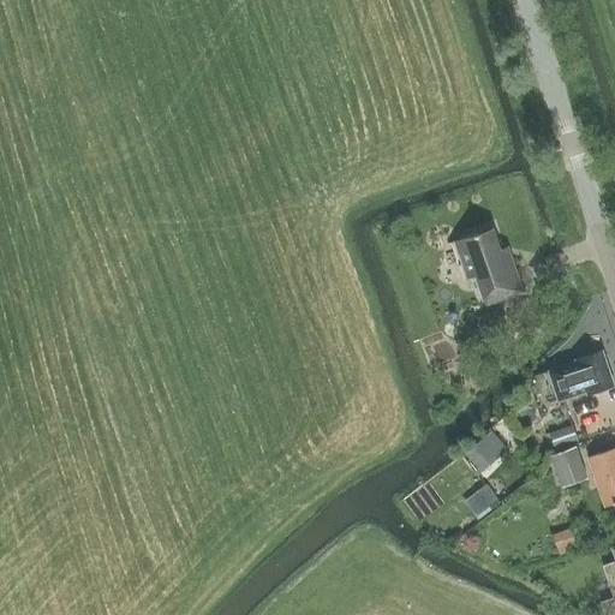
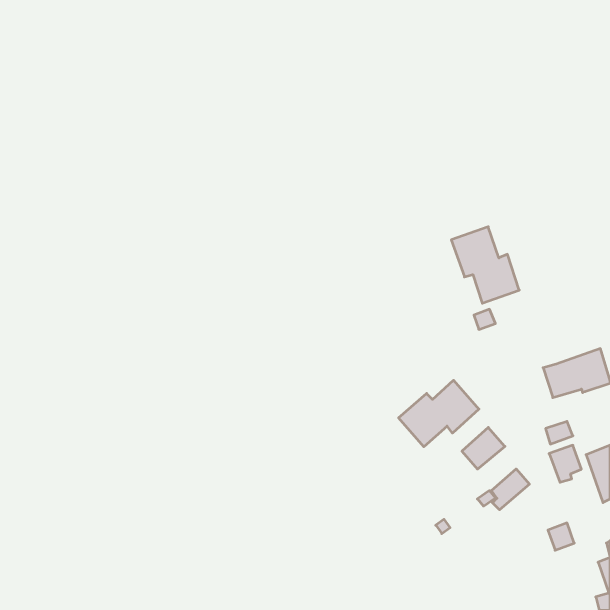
building: none -> [399,380,479,447]
building: none -> [492,469,529,510]

